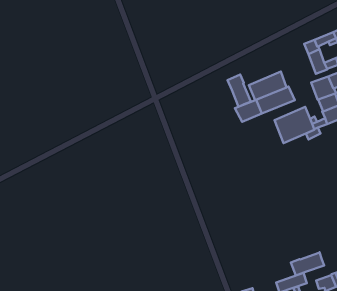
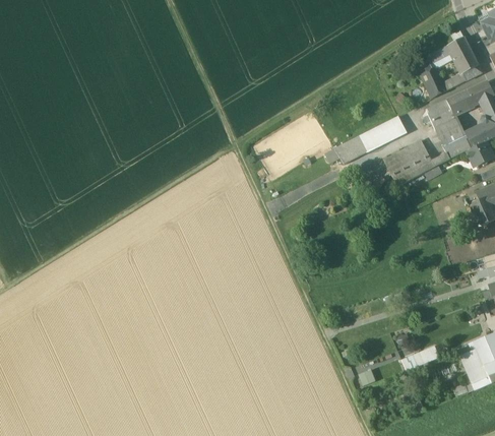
building: [249,72,287,100] -> none
building: [228,75,251,107] -> none
building: [291,252,324,275] -> none

